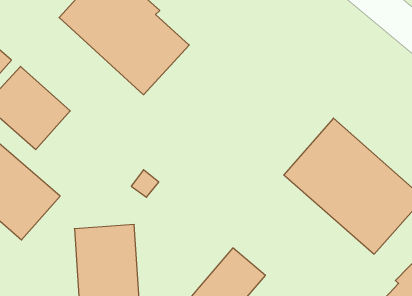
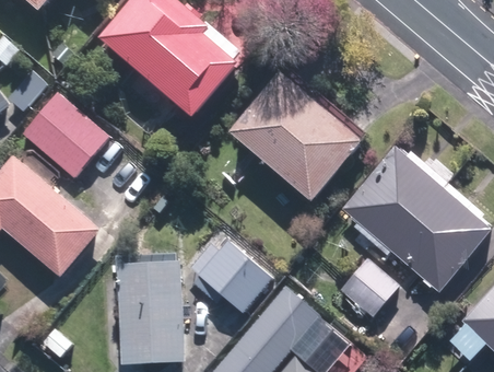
building: none -> [228,72,364,204]
building: none -> [205,244,278,316]
building: none -> [339,256,399,316]

